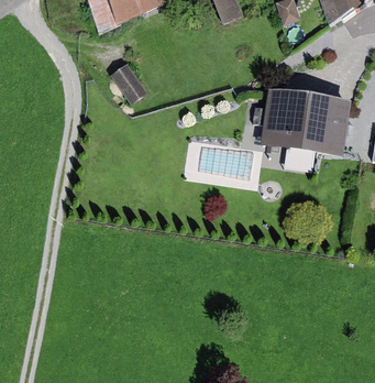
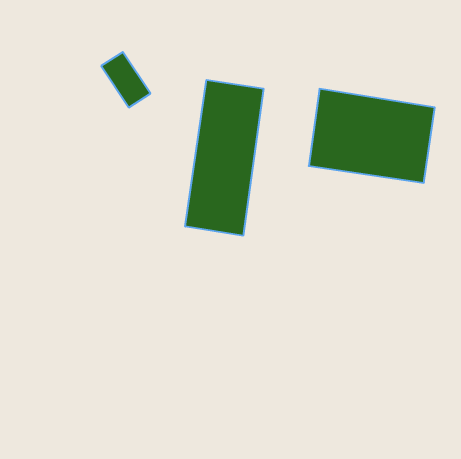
building: none -> [185,80,263,236]

